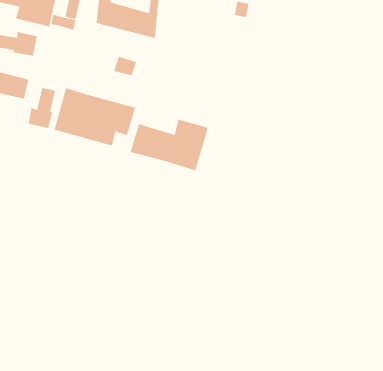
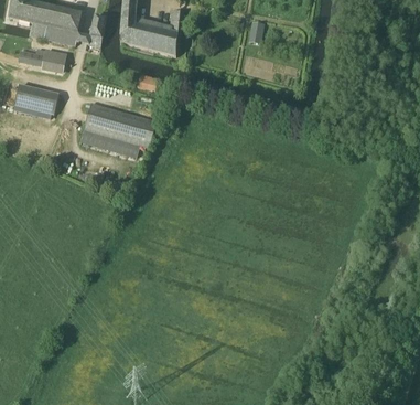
building: [28,87,55,129] -> none
building: [130,119,208,171] -> none

